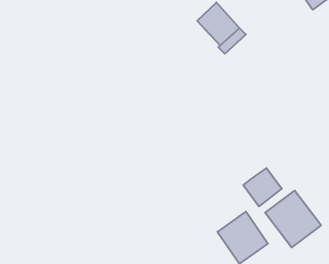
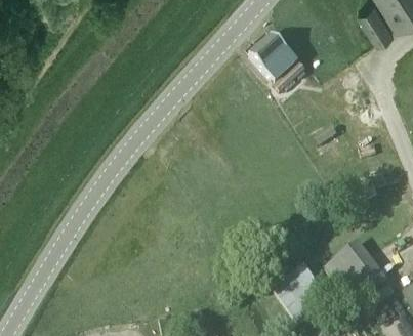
building: [243,168,282,206] -> none

